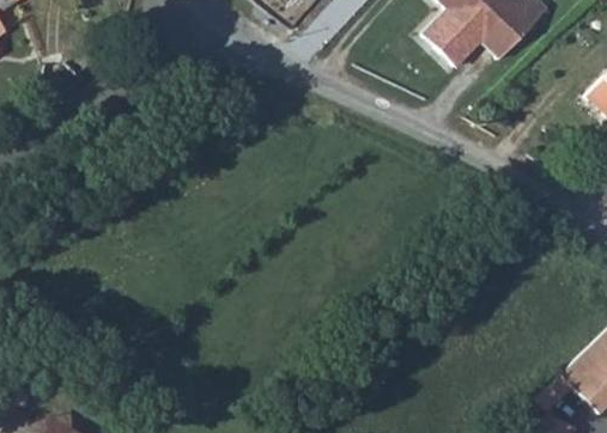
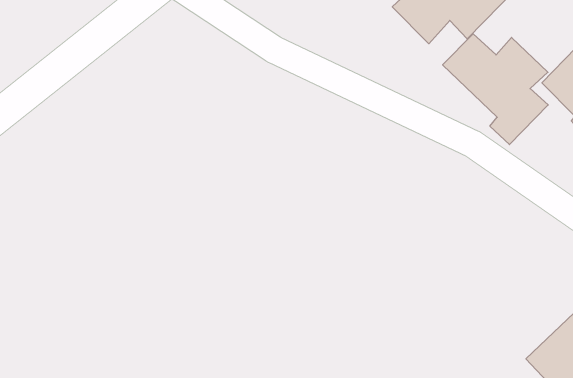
building: none -> [443,34,548,145]

